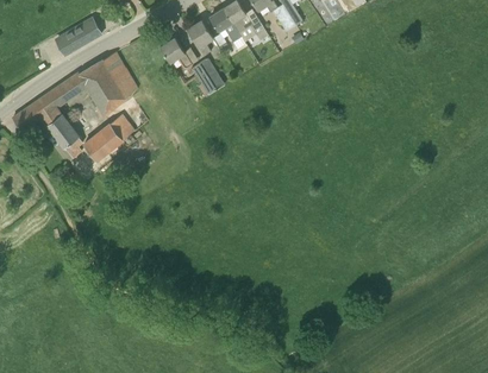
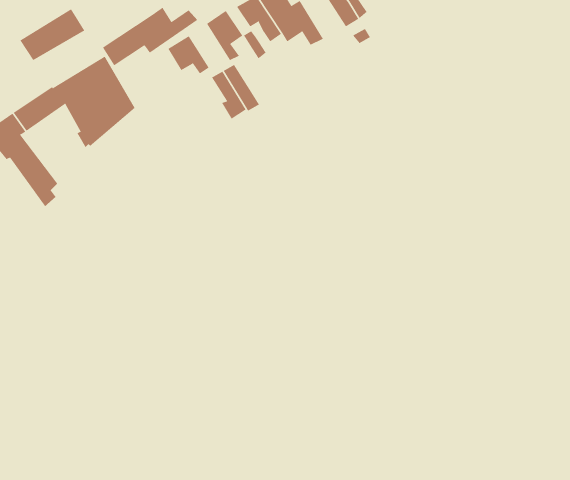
building: none -> [102,7,198,66]
building: [83,114,133,160] -> none

